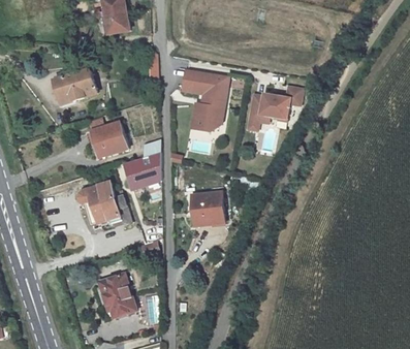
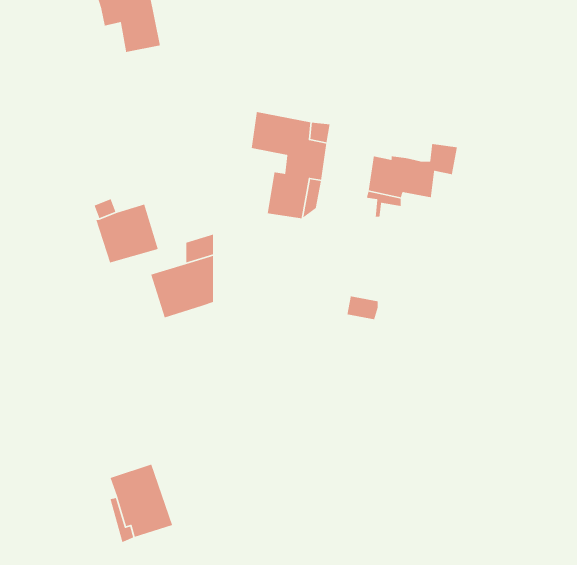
building: [54,70,96,101] -> none
building: [78,182,130,232] -> none
building: [191,192,223,225] -> none

